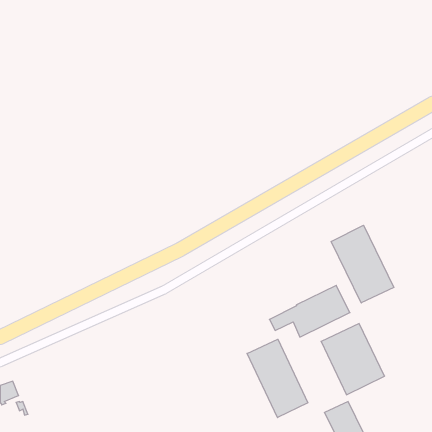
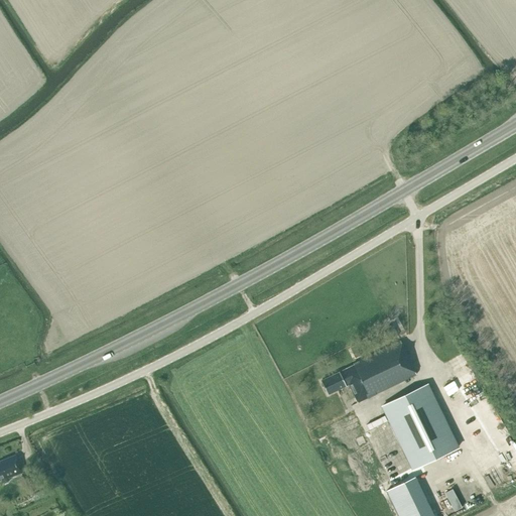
building: [331,225,394,303] -> none
building: [247,339,308,418] -> none

